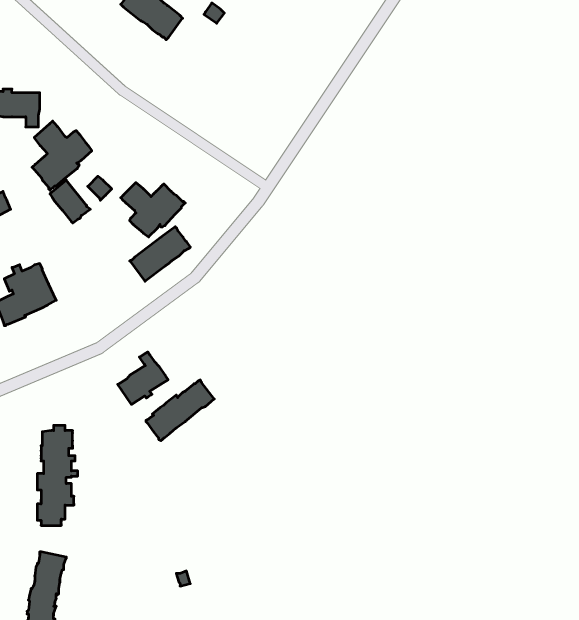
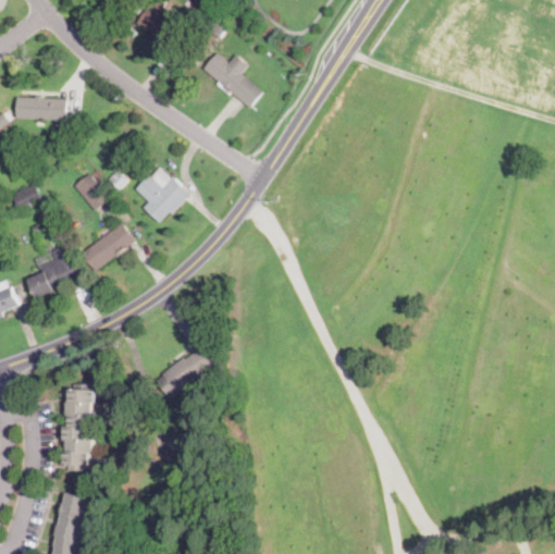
building: none -> [201,51,262,106]
building: [32,121,92,190] -> none
building: [130,227,190,281] -> [81,223,133,270]
building: [118,352,168,404] -> none

